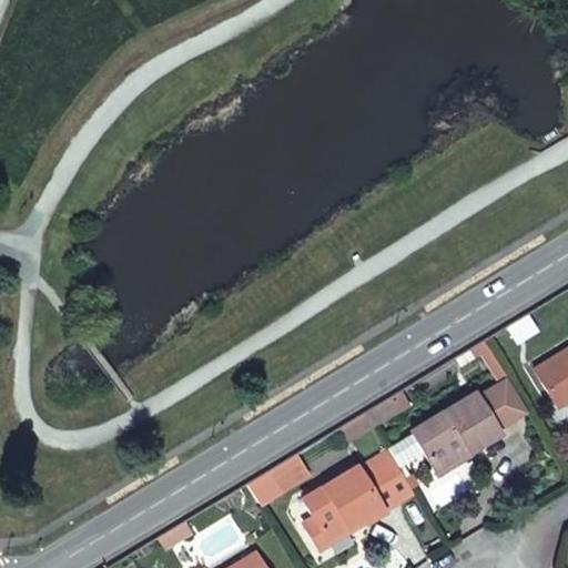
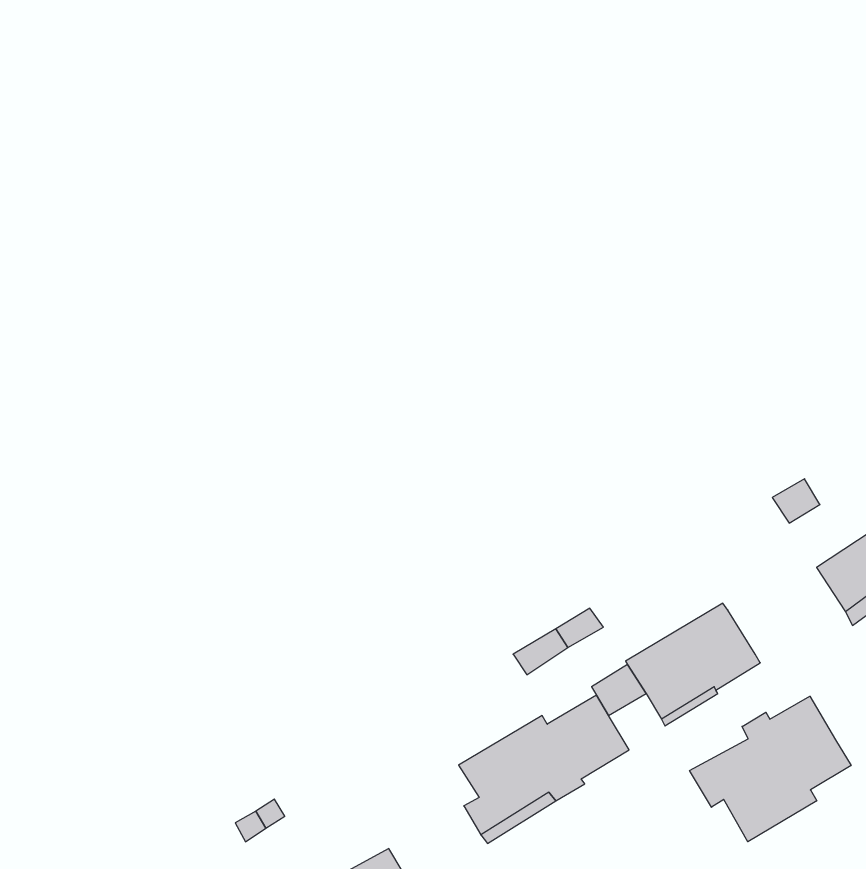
building: [477,379,526,427] -> none
building: none -> [690,696,851,842]

